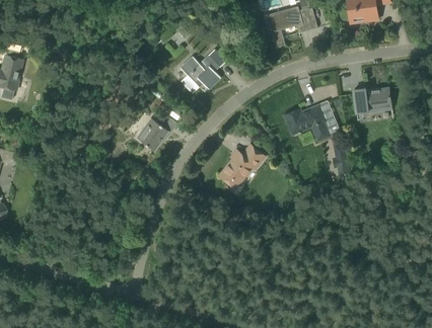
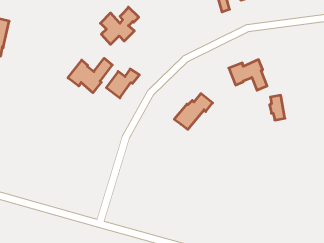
building: [181,49,226,93] -> [100,7,139,44]
building: [354,88,392,119] -> none
building: none -> [68,58,112,93]

